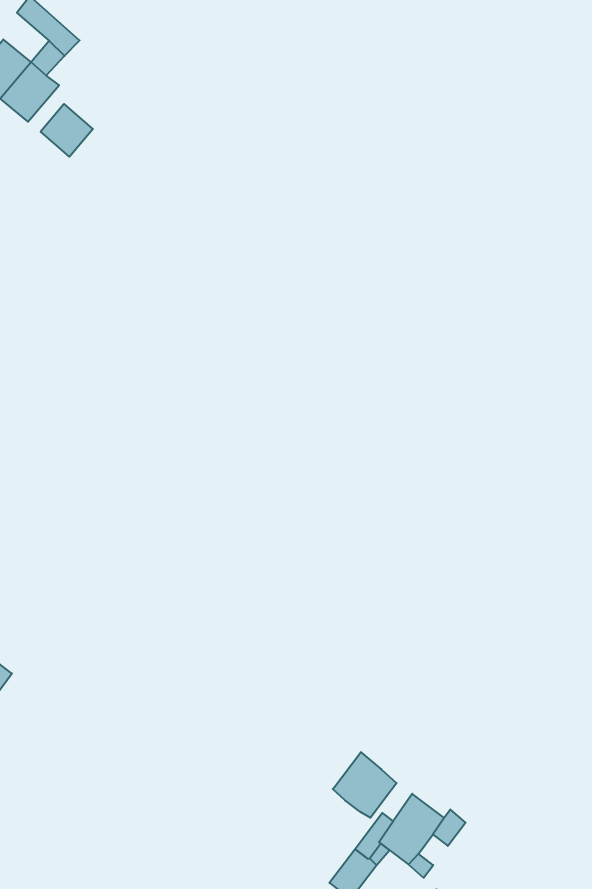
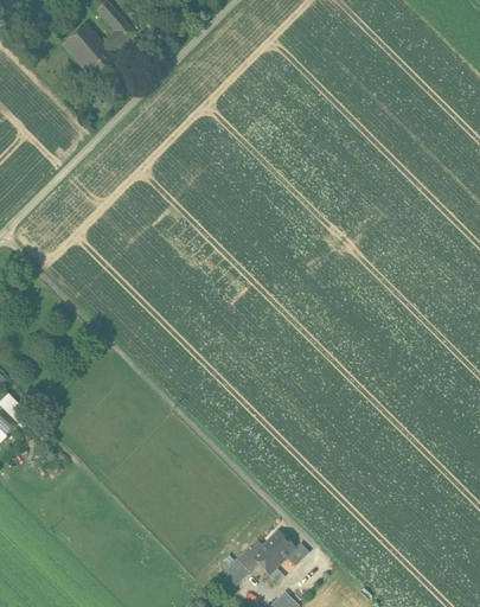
building: [41,104,93,157] -> none
building: [333,752,397,818] -> none

